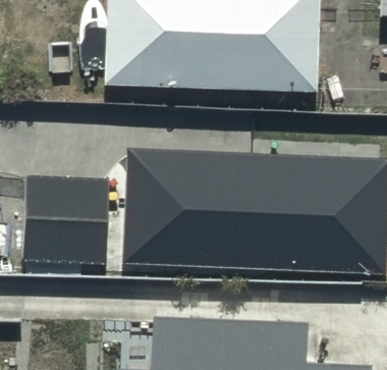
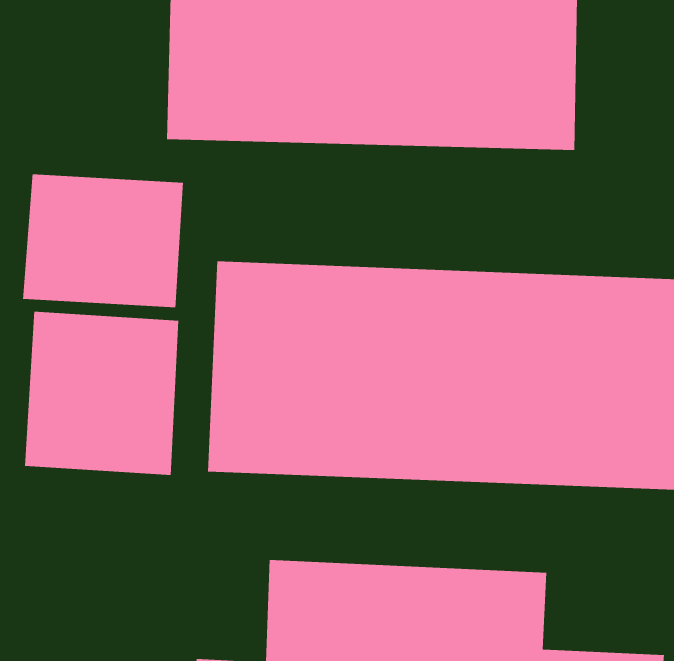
building: none -> [23,173,184,308]

